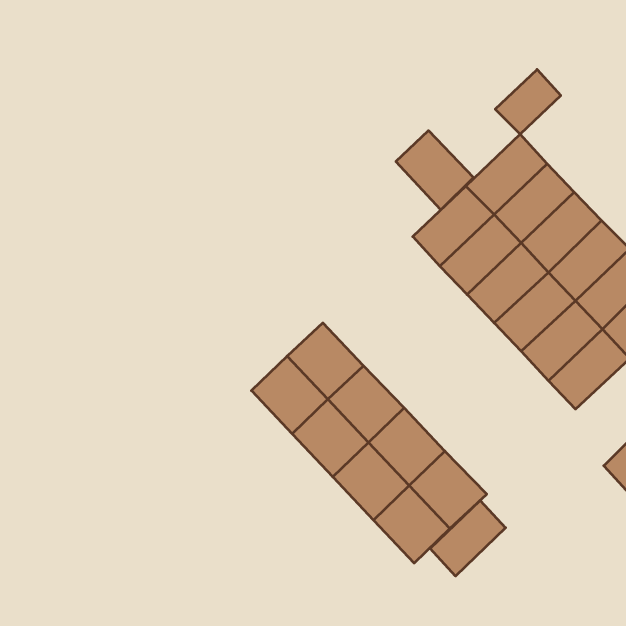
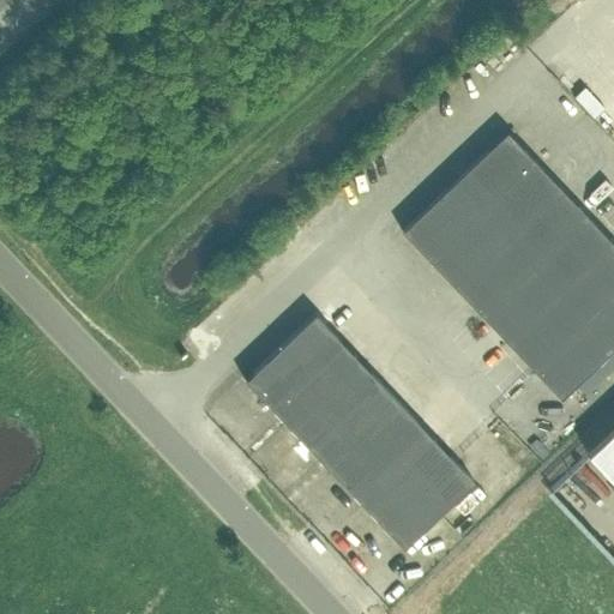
building: [495,69,561,134] -> none
building: [396,131,474,210] -> none
building: [430,500,506,576] -> none

